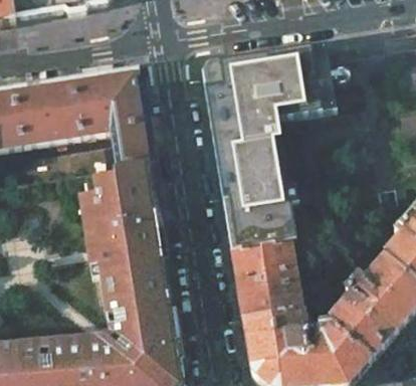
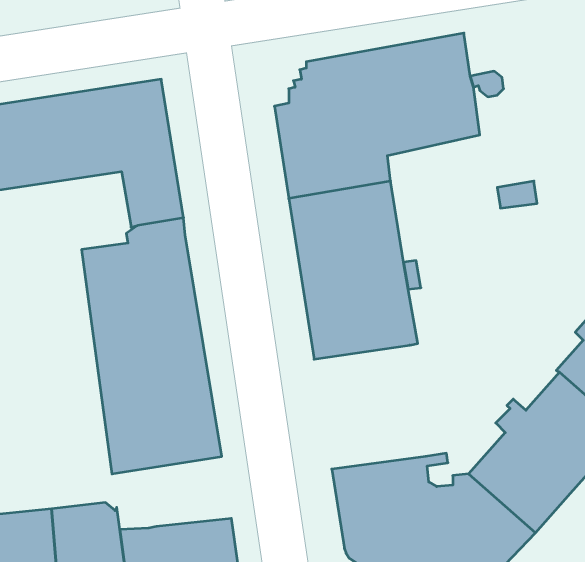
building: [230,238,300,317] -> none
building: [102,309,178,355] -> none

